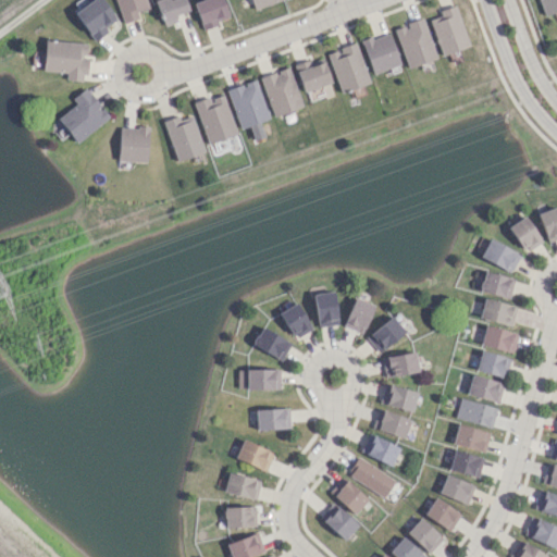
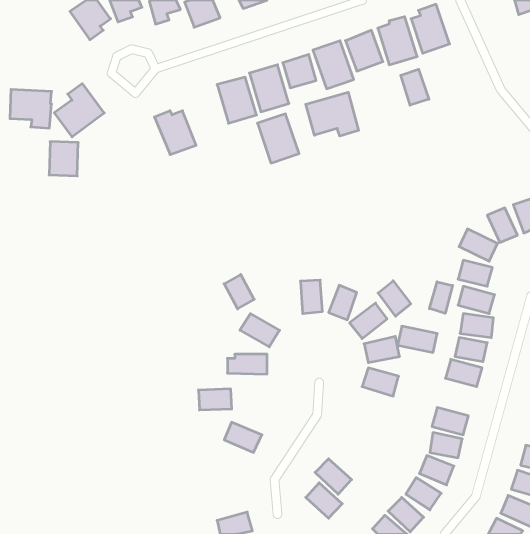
building: [46,40,89,81] -> [10,89,52,128]
building: none -> [401,69,429,105]
building: [196,92,239,144] -> [257,114,299,163]
building: none -> [306,92,359,136]
building: [121,126,151,162] -> [49,142,78,176]
building: none -> [378,281,411,316]
building: none -> [429,282,453,313]
building: [282,302,313,338] -> [224,274,254,309]
building: [457,399,498,426] -> [398,326,437,352]
building: [258,408,293,430] -> [198,389,232,410]
building: [374,409,412,438] -> none
building: [362,433,401,466] -> none
building: [349,458,397,496] -> none
building: [226,473,262,498] -> none
building: [226,506,258,528] -> none

